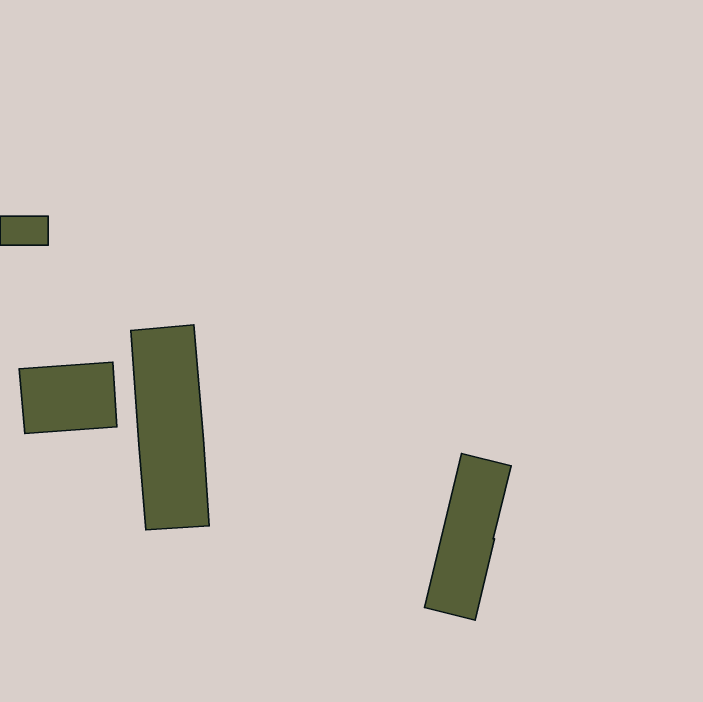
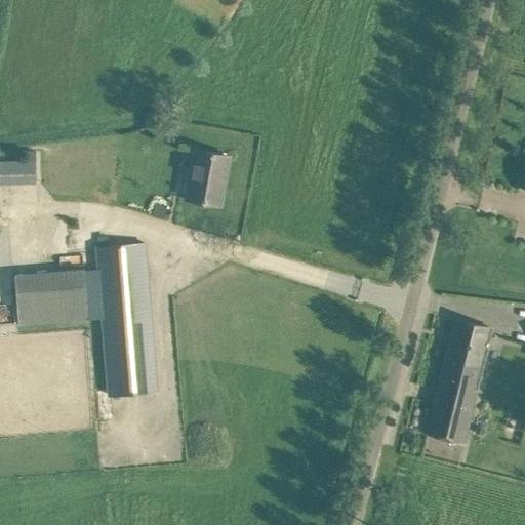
building: none -> [186,151,229,205]
building: [424,453,511,620] -> [427,320,491,444]

